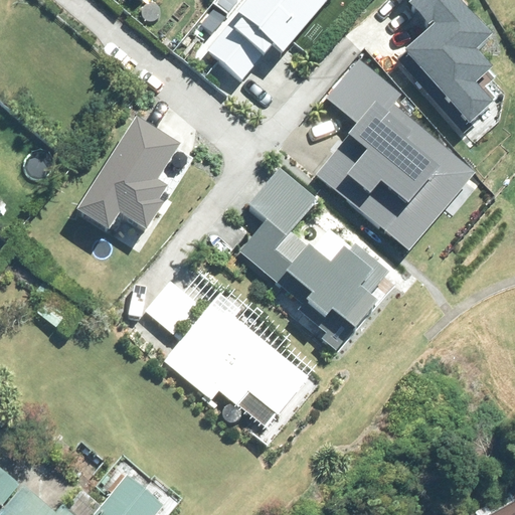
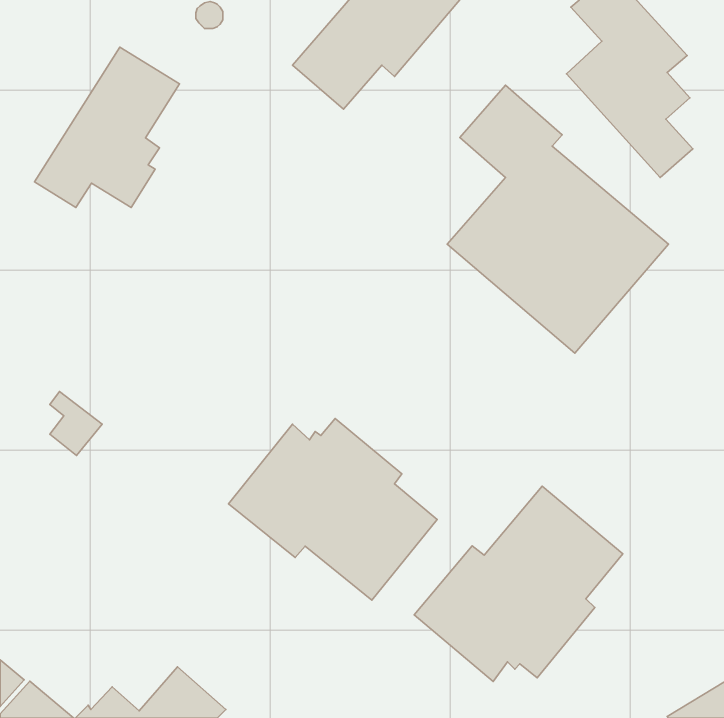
building: [75,117,178,230] -> [35,47,179,207]
building: [240,171,389,341] -> none
building: none -> [414,486,623,681]

